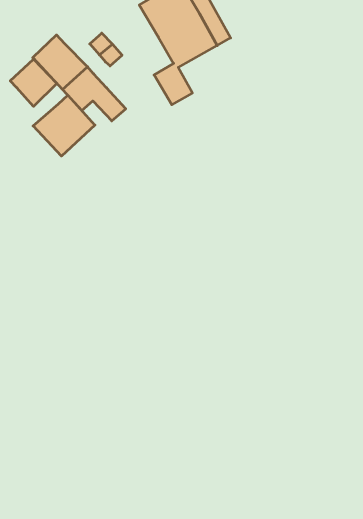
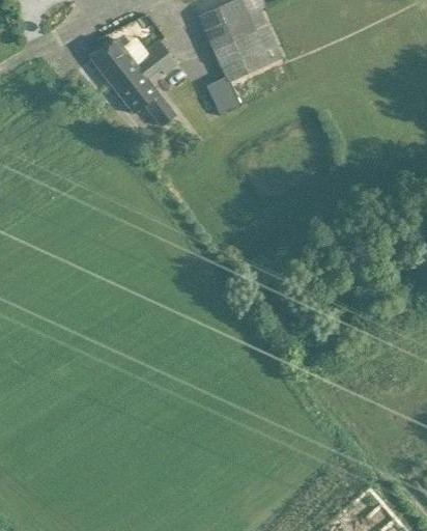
building: [10,59,57,106] -> none
building: [33,95,95,156] -> none

